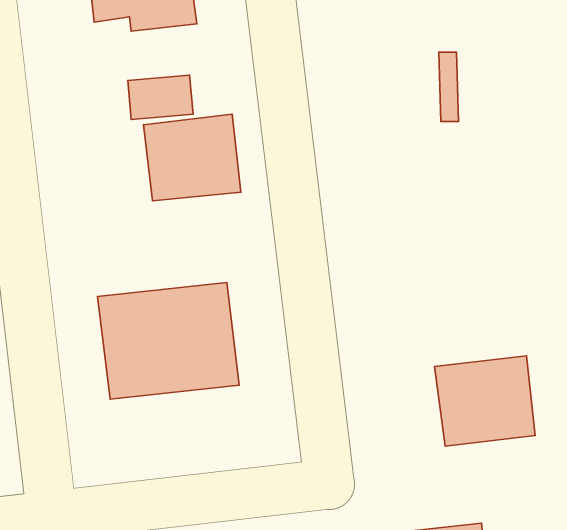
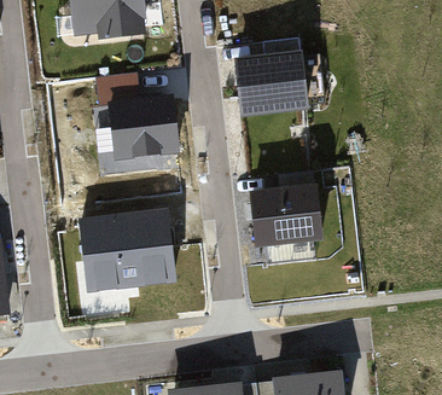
building: none -> [237,52,306,114]
building: [435,356,535,446] -> [252,188,321,250]

